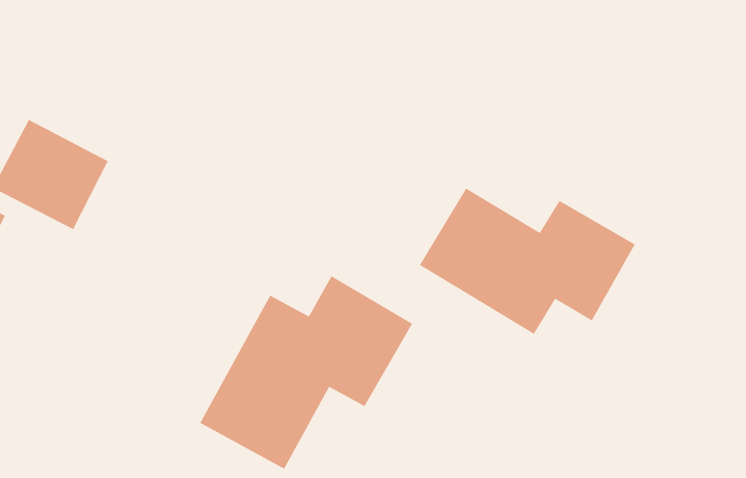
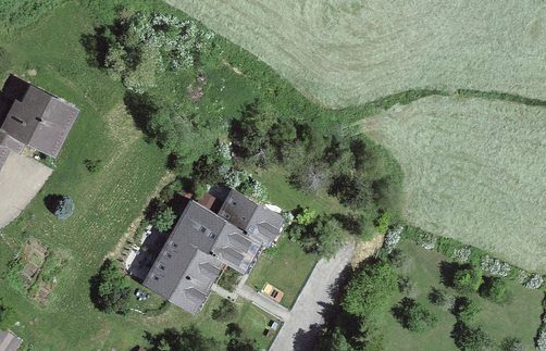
building: [419,187,636,335] -> none

